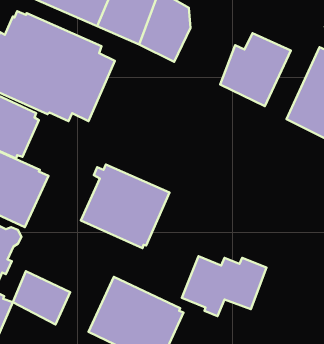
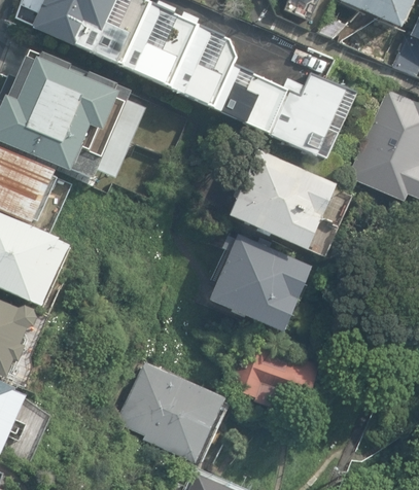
building: none -> [216,67,288,134]
building: none -> [226,148,335,252]
building: [81,165,170,248] -> [206,236,311,335]
building: [13,271,70,324] -> none

